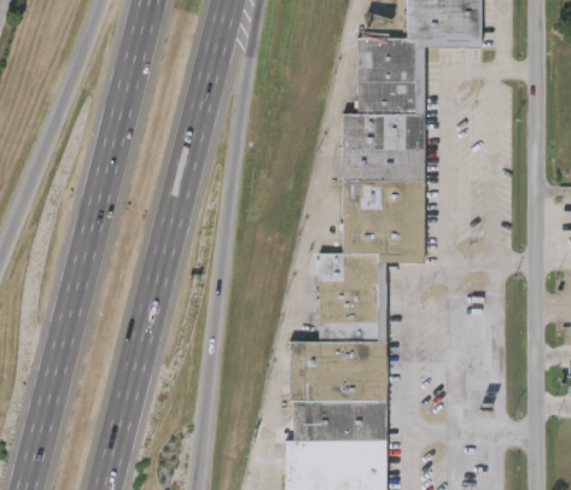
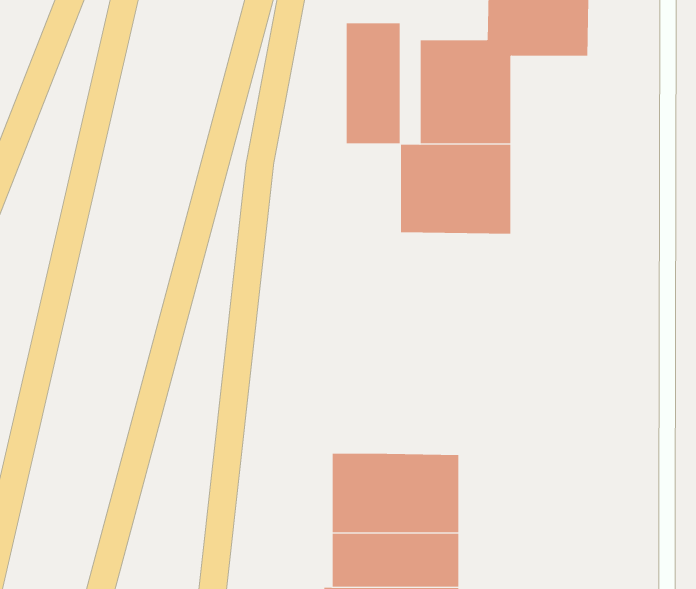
building: none -> [346,22,400,144]
building: [320,177,425,342] -> none

